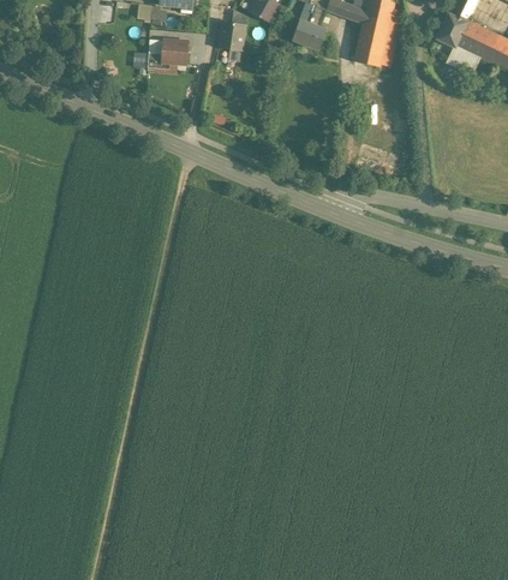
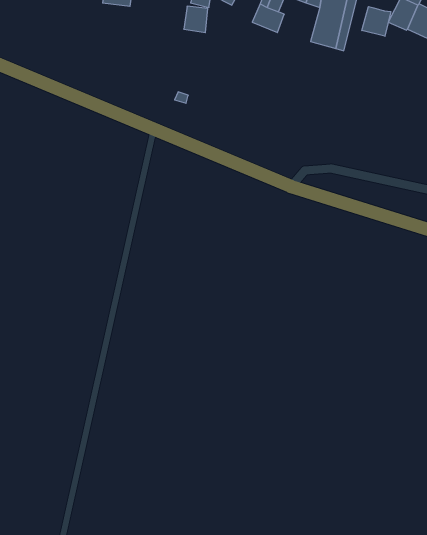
building: none -> [362,7,391,36]
building: [161,37,187,61] -> none

